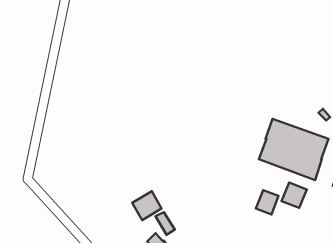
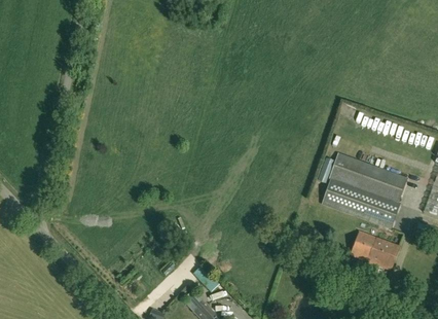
building: [256,190,278,214] -> [371,239,399,269]
building: [132,191,162,220] -> none

